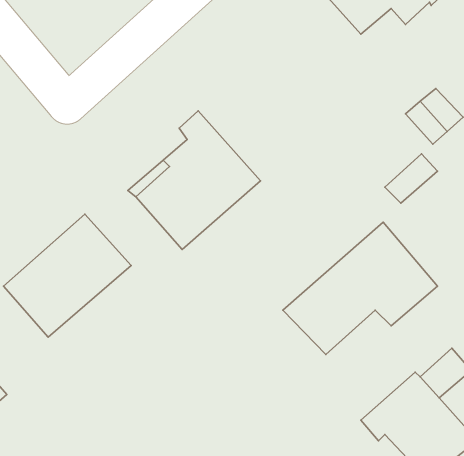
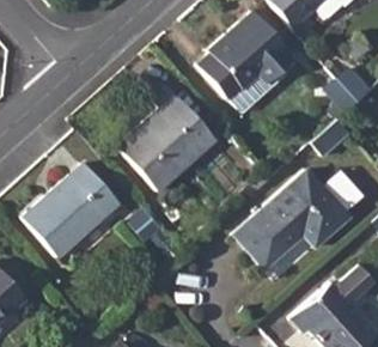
building: none -> [199,11,294,109]

